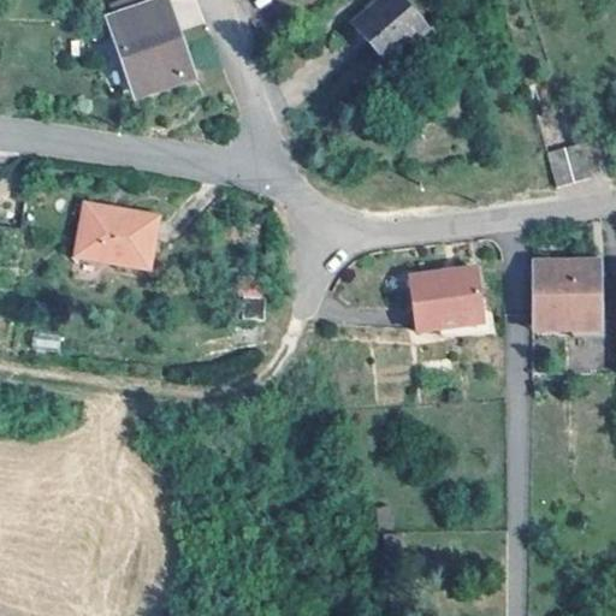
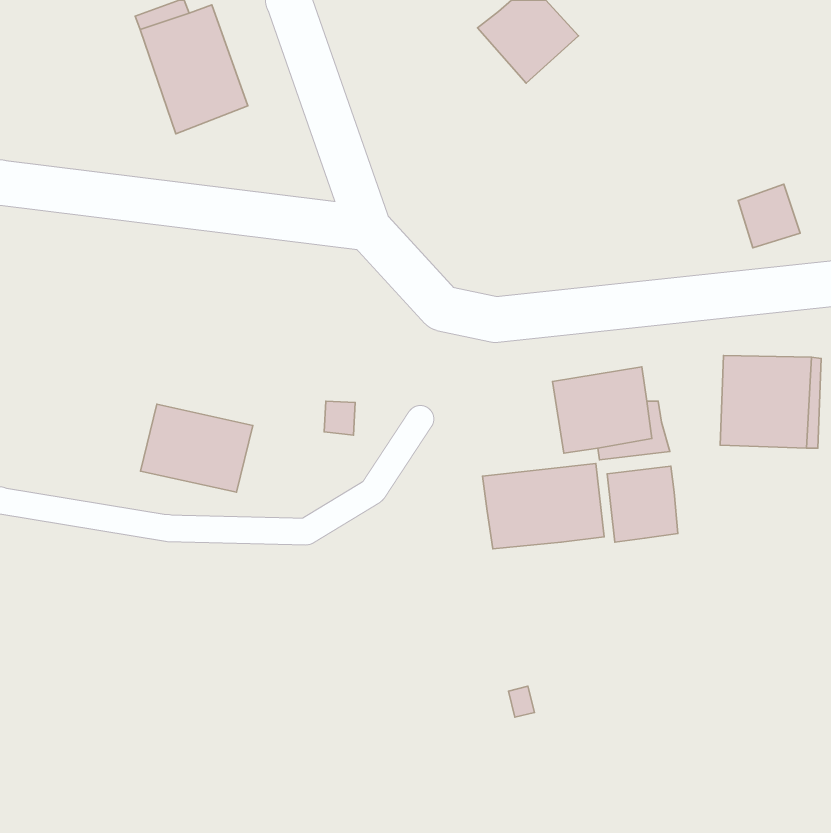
building: [73,196,156,261] -> [140,404,253,492]
building: none -> [482,464,604,549]
building: none -> [607,466,678,542]

